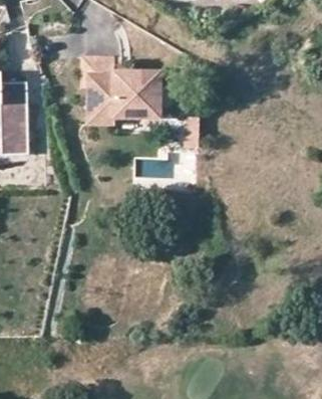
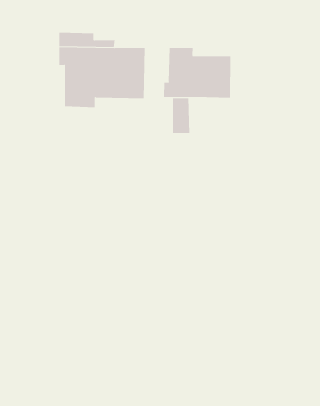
building: none -> [164,47,231,98]

